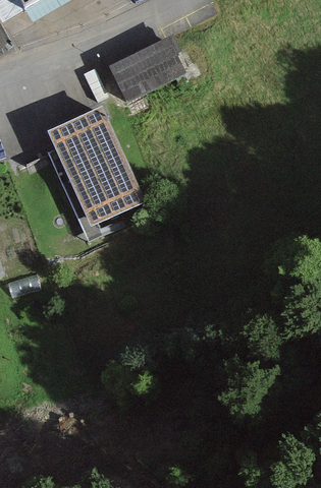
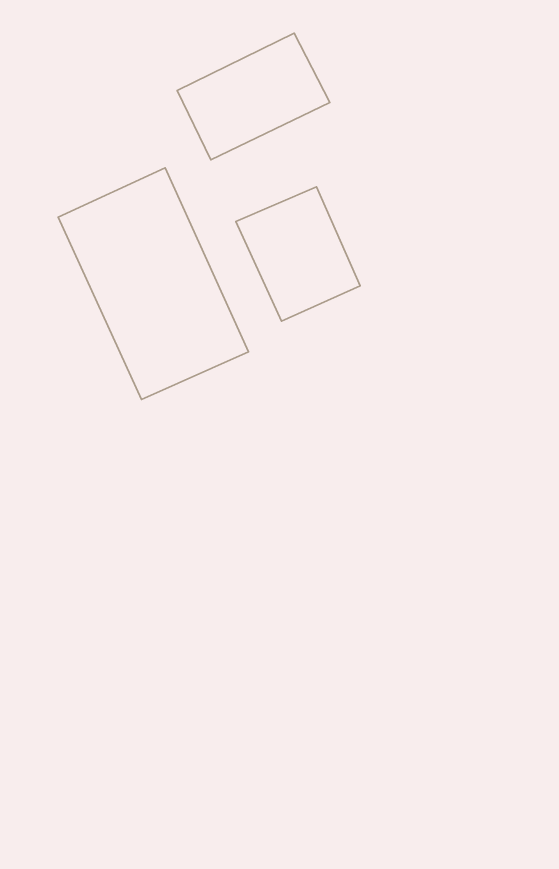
building: none -> [236,187,360,321]

